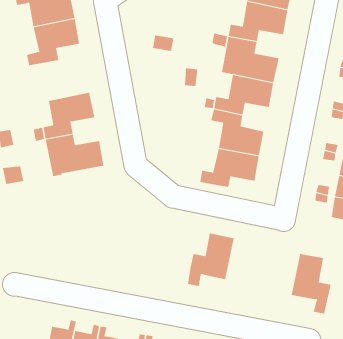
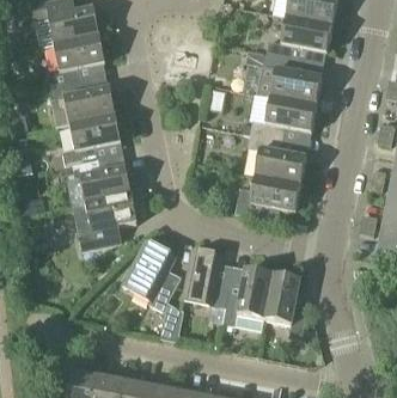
building: none -> [48,79,115,123]
building: none -> [78,194,136,249]
building: none -> [122,239,184,339]
building: none -> [182,249,227,306]
building: [291,254,331,314] -> [263,273,307,338]

